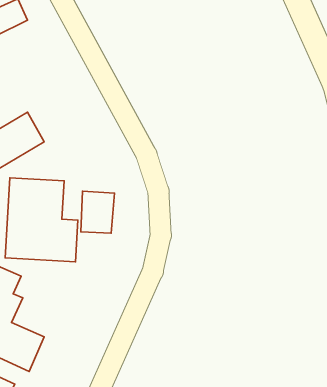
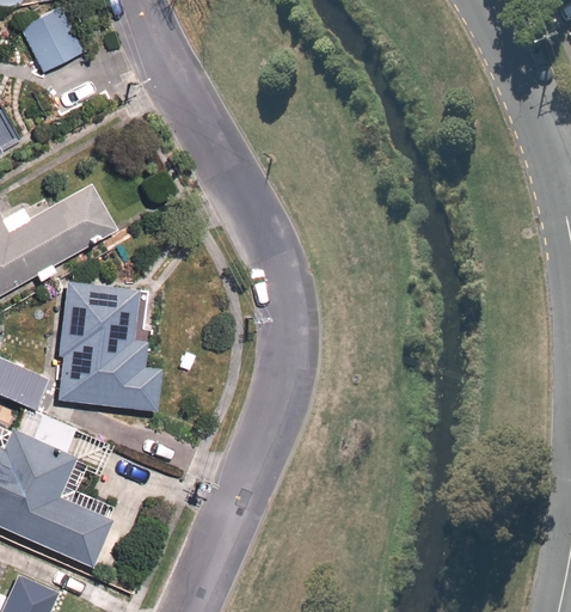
building: [81,191,114,233] -> none

